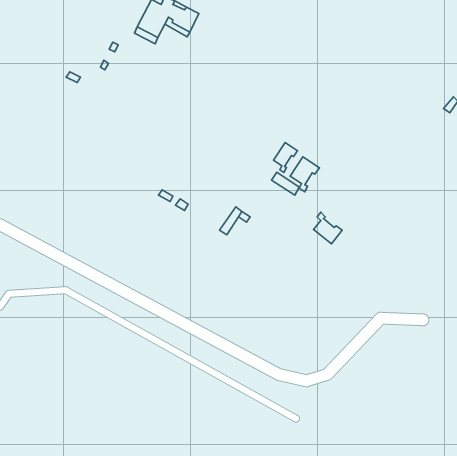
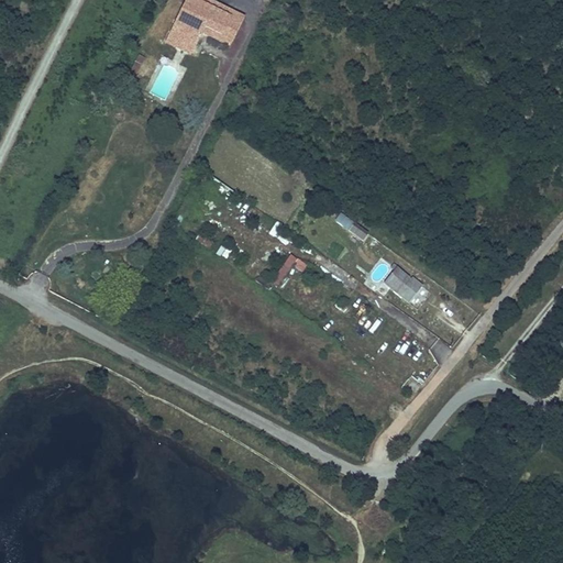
building: [274,143,298,173] -> none
building: [290,157,320,192] -> none

